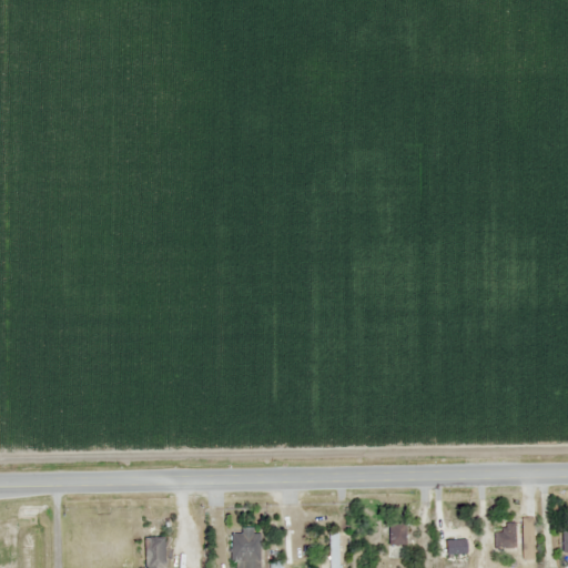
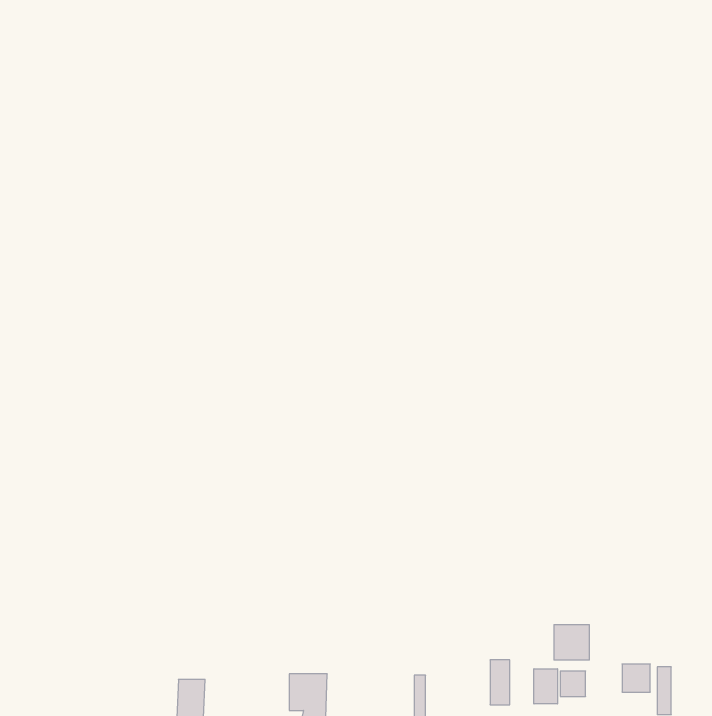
building: none -> [554,625,589,660]
building: none -> [534,669,557,704]

